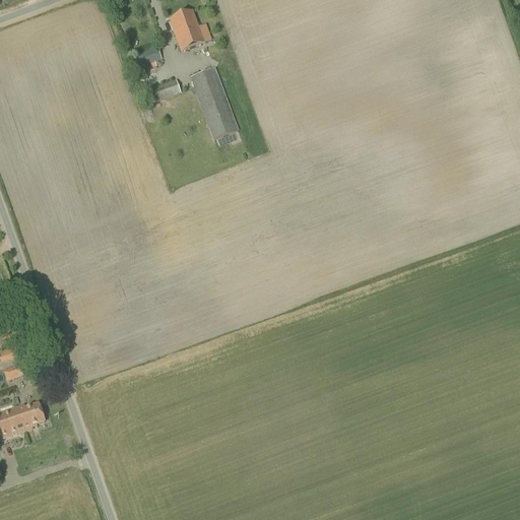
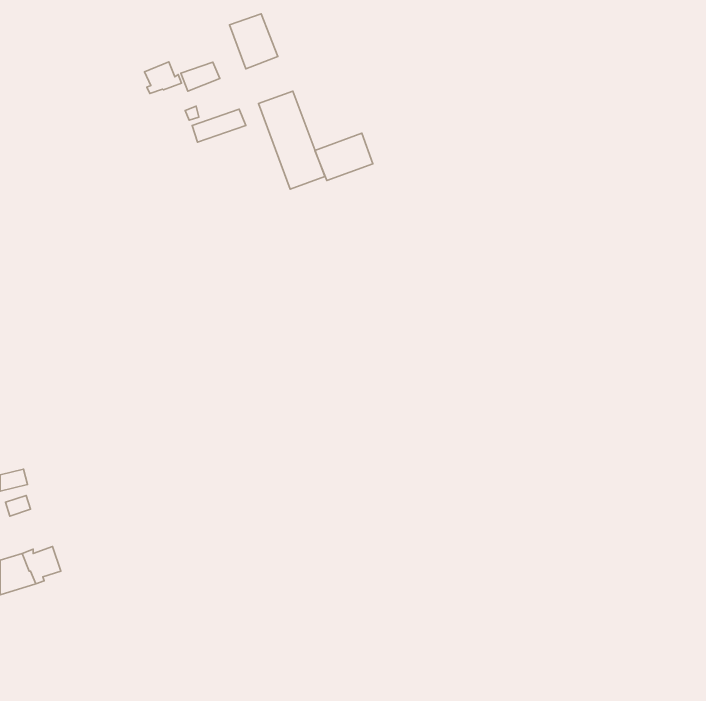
building: none -> [145,62,181,93]
building: none -> [315,133,373,180]

